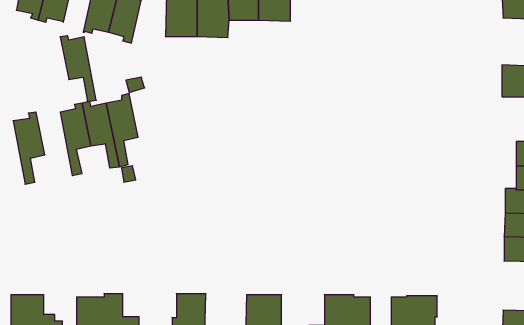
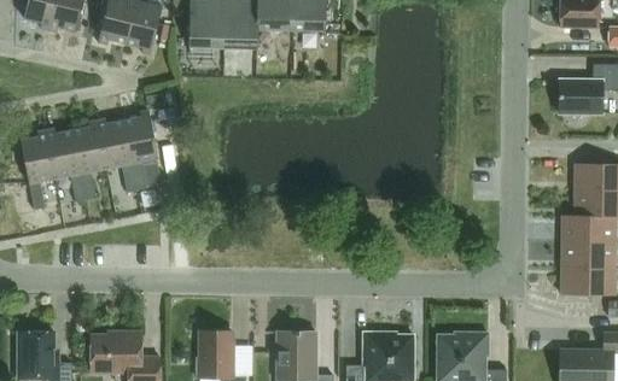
building: [60,36,96,101] -> [46,129,86,201]

